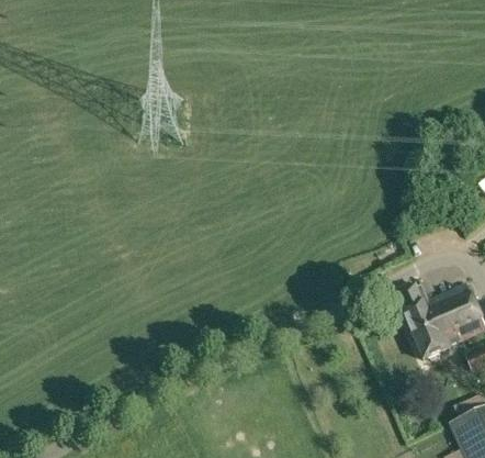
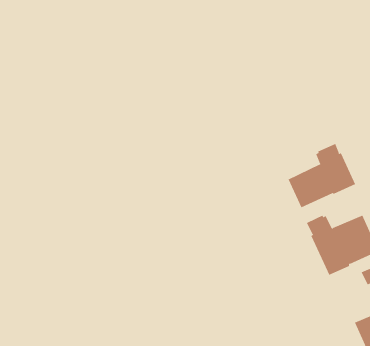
building: none -> [288,143,356,208]

